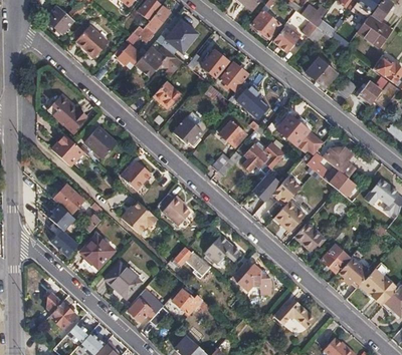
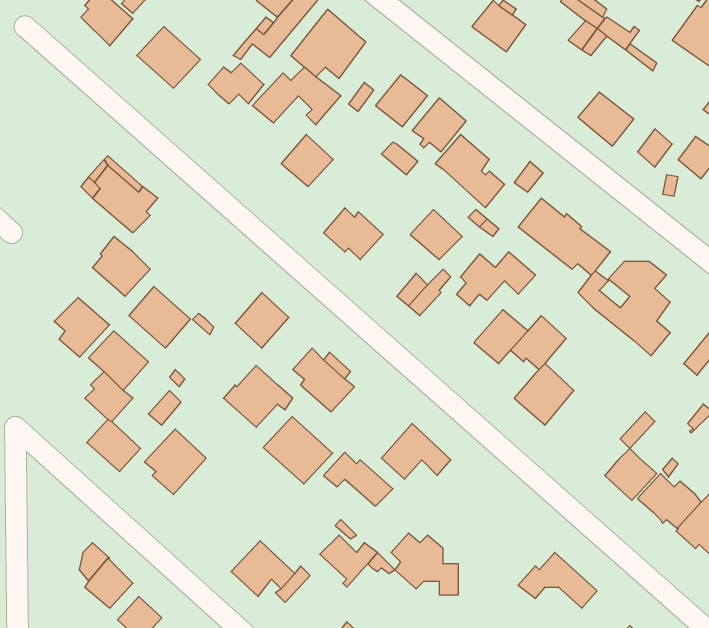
building: [273,26,299,53] -> none
building: [84,124,117,156] -> [129,287,191,348]
building: none -> [54,297,110,357]
building: [295,224,324,251] -> none
building: [234,261,269,293] -> [391,533,458,595]
building: [105,263,141,298] -> [263,417,333,484]

